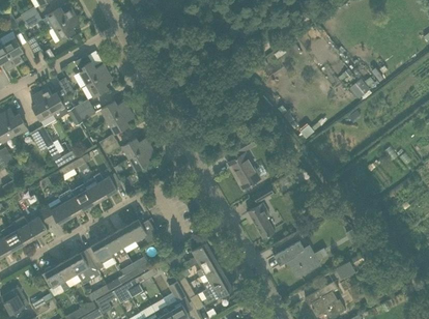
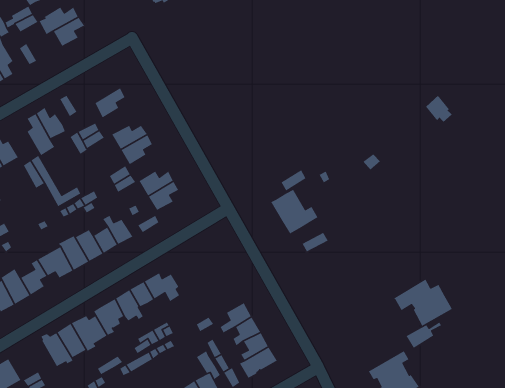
building: [75,54,108,84] -> none
building: [248,203,275,238] -> none
building: [274,240,321,279] -> [393,279,453,327]

